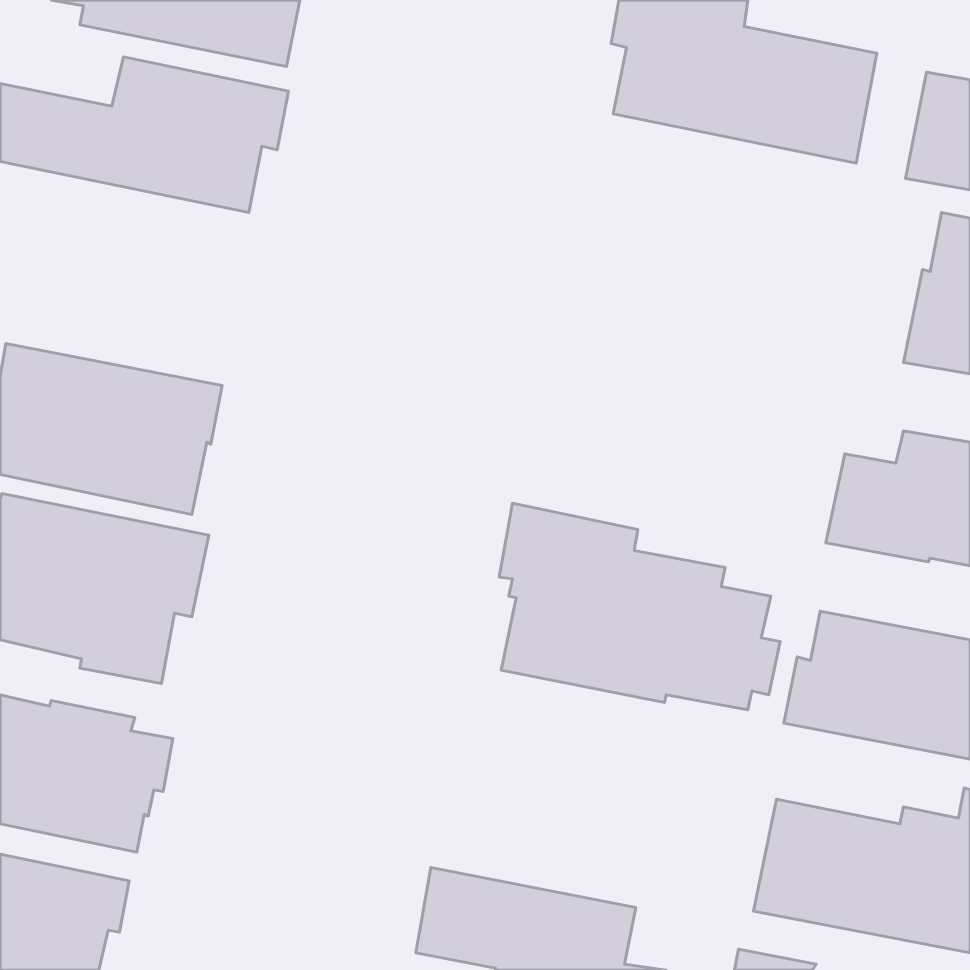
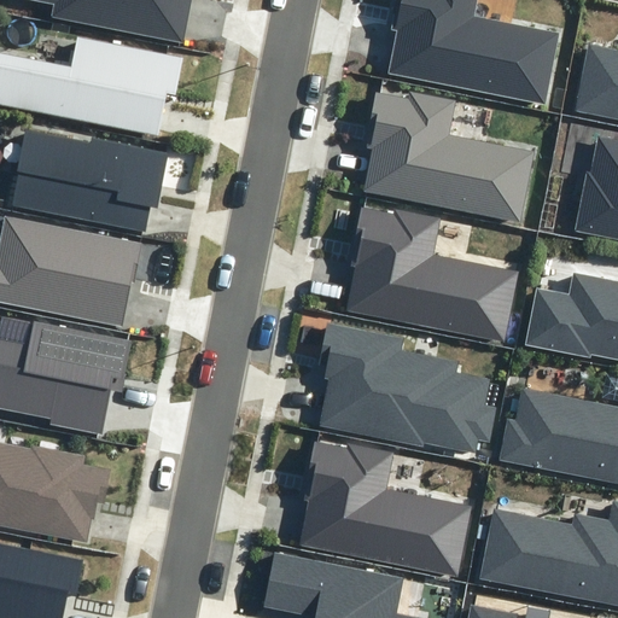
building: none -> [363,88,535,223]
building: none -> [12,130,169,232]
building: none -> [349,205,517,340]
building: none -> [301,441,471,575]

